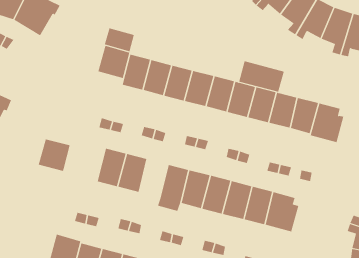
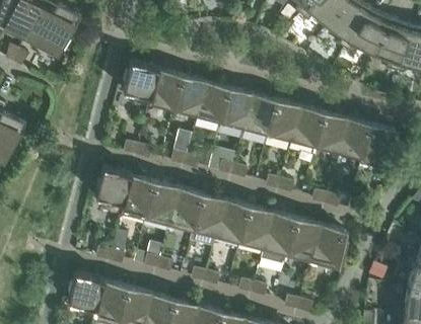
building: [104,28,135,52] -> none
building: [239,60,284,93] -> none
building: [38,139,70,180] -> [94,166,131,213]
building: none -> [168,187,201,231]

